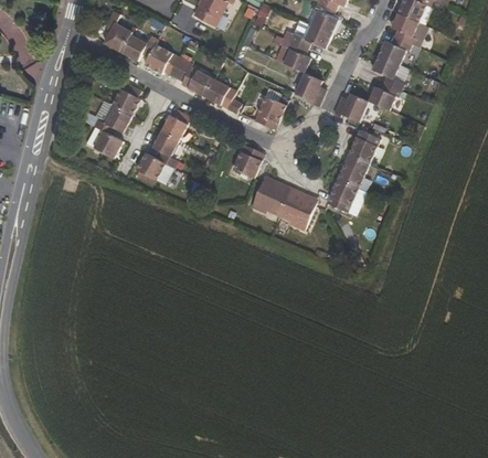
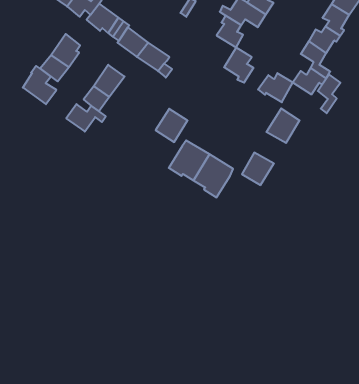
building: none -> [318,74,340,113]
building: [253,96,285,130] -> none
building: [337,156,369,188] -> none

